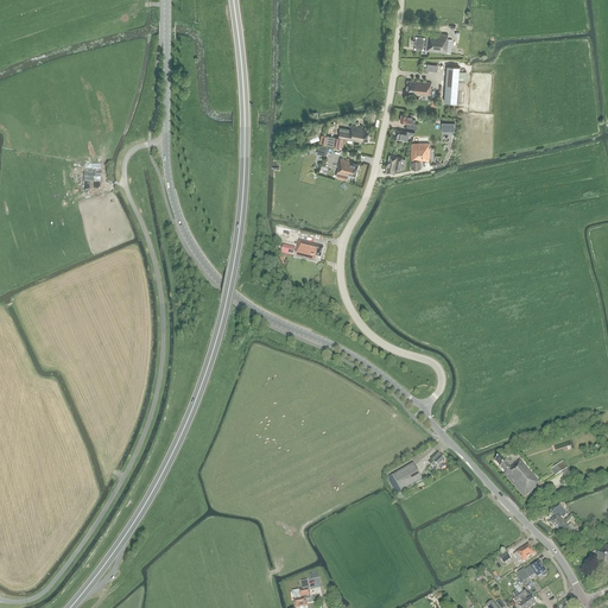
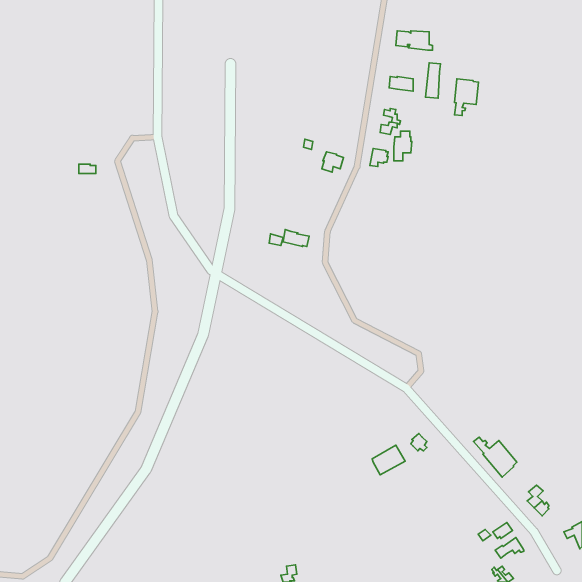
building: none -> [455,79,478,115]
building: [318,124,368,147] -> none

